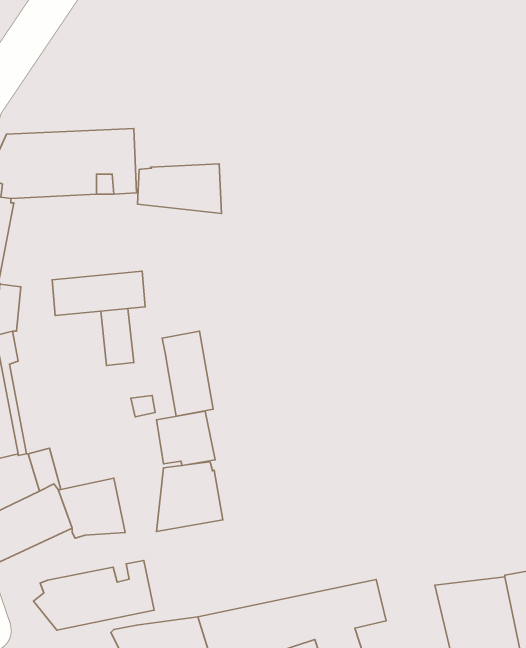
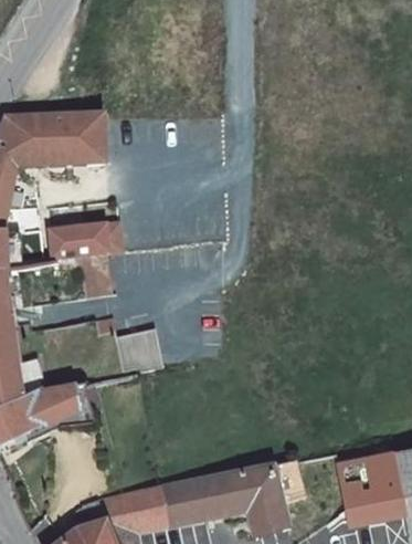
building: [138,164,222,213] -> none
building: [162,331,213,416] -> none
building: [157,462,223,531] -> none
building: [33,560,154,630] -> none

